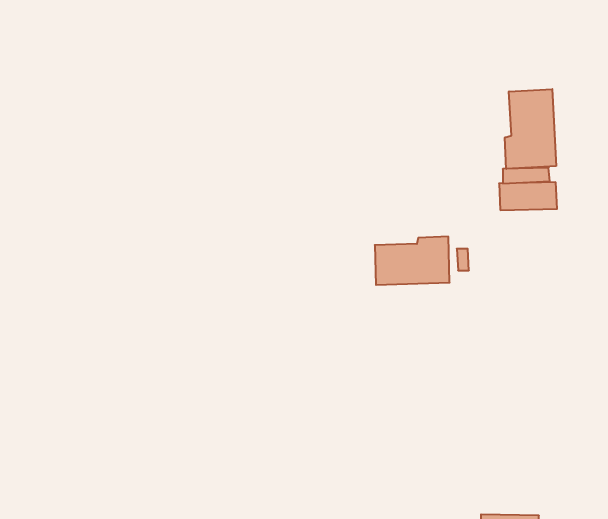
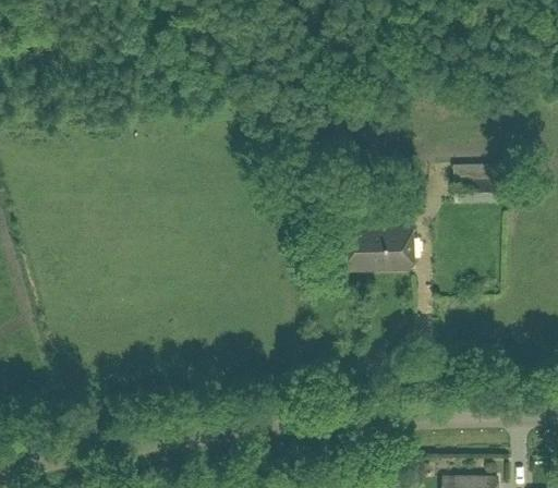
building: [505,89,556,169] -> none

